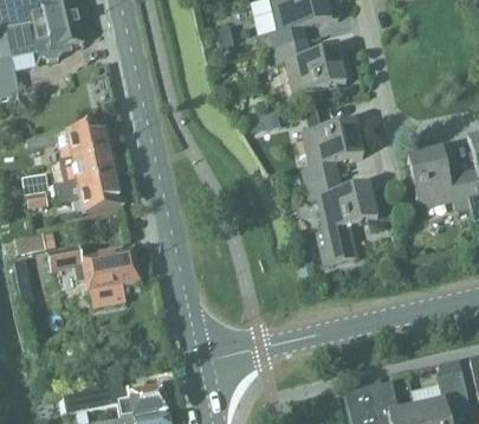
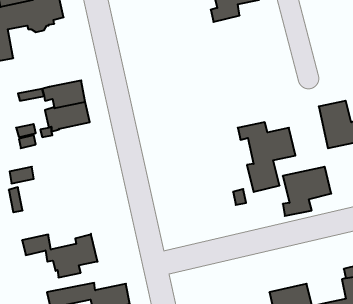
building: [273,39,345,94] -> none
building: [302,120,363,182] -> [283,167,331,216]
building: [77,175,122,212] -> none
building: [45,244,141,300] -> [22,234,98,277]

